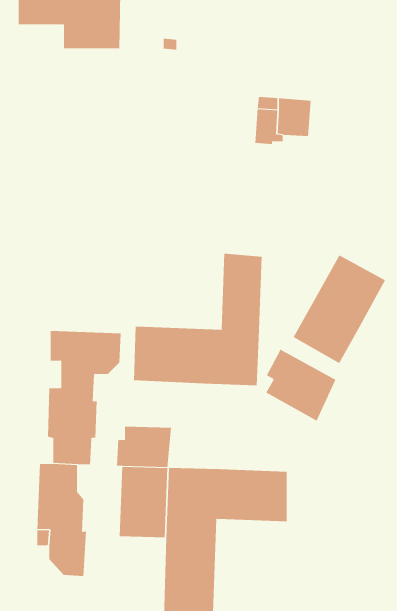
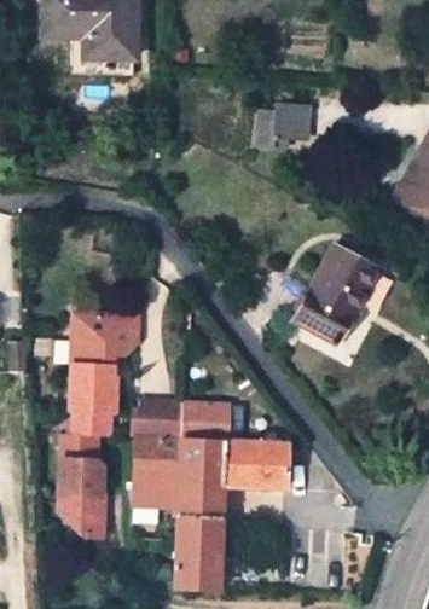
building: [134,253,262,386] -> none
building: [265,348,336,421] -> none
building: none -> [179,402,227,440]

